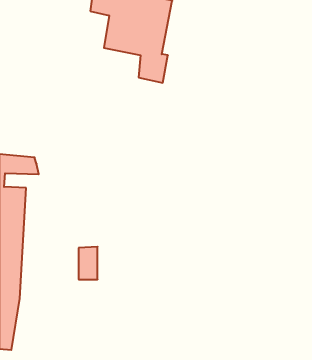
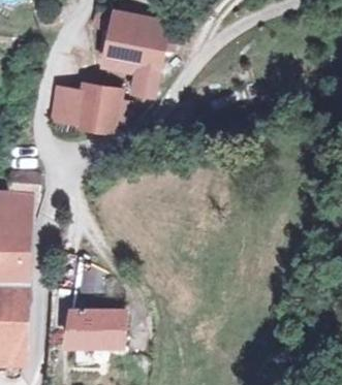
building: none -> [51,78,129,124]
building: none -> [61,321,126,359]

